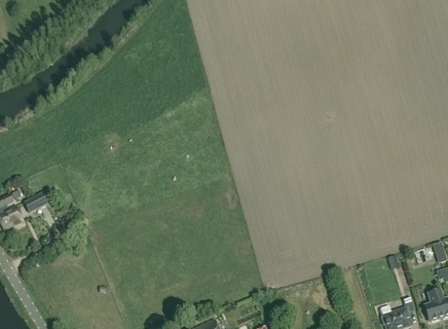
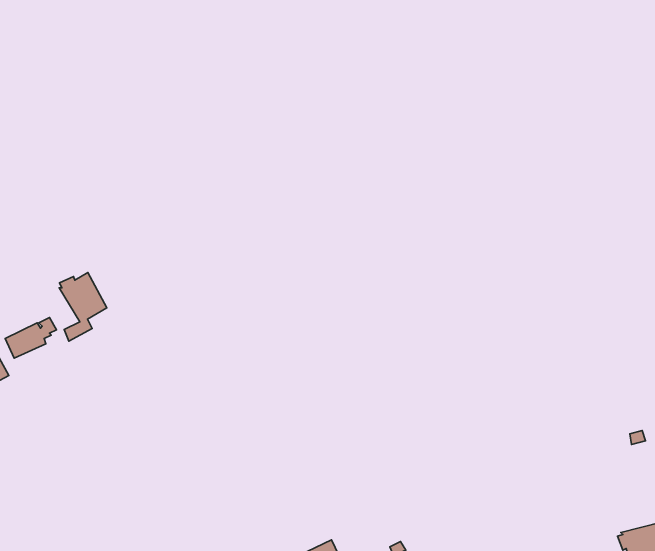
building: none -> [59,272,107,341]

